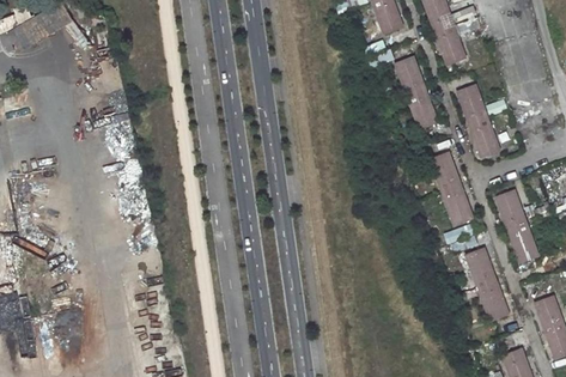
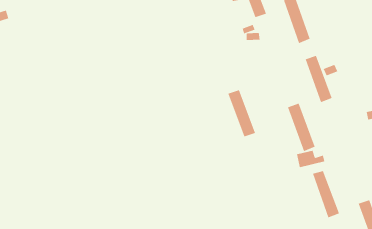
building: [395,56,437,127] -> [227,89,256,137]
building: [497,190,537,262] -> none

